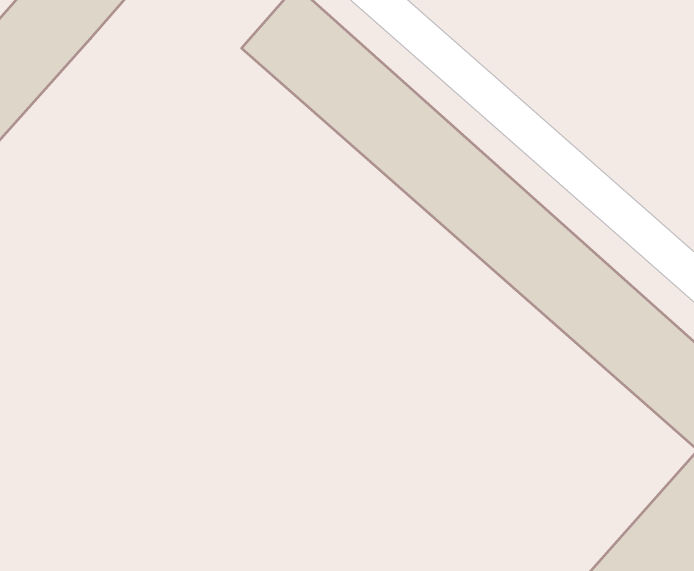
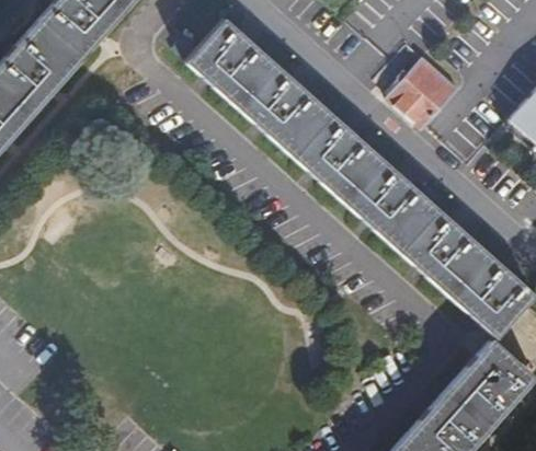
building: none -> [389,59,458,128]

